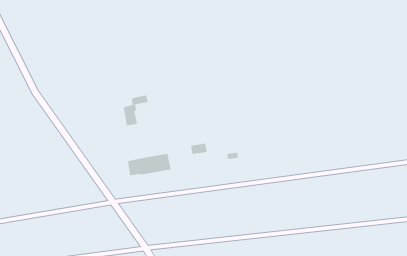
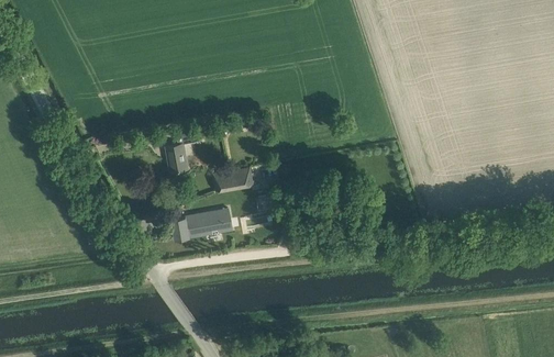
building: none -> [213,167,253,191]

